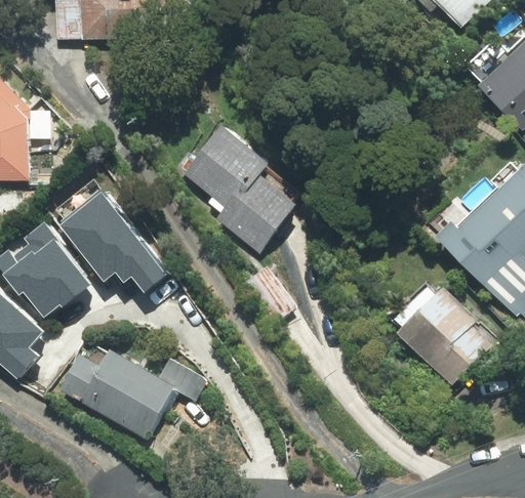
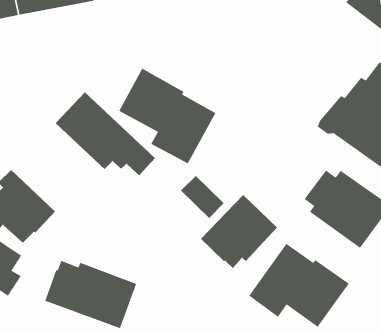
building: [52,180,168,293] -> [55,91,156,176]
building: none -> [200,194,278,269]
building: none -> [248,243,350,328]

